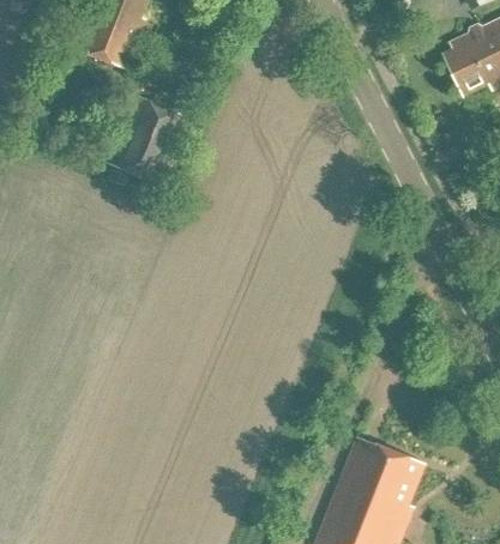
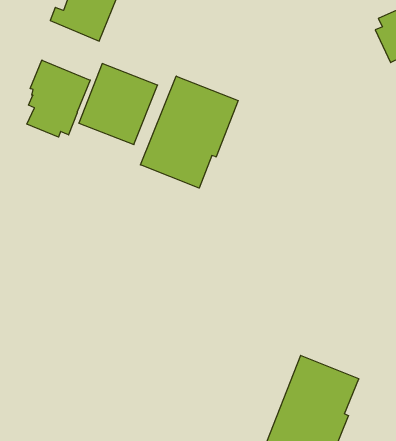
building: none -> [27,60,90,137]
building: none -> [140,76,238,188]

